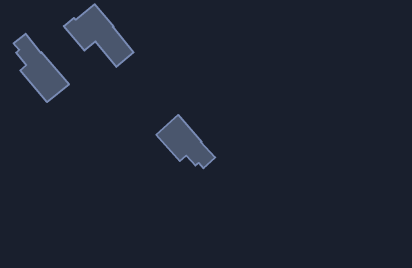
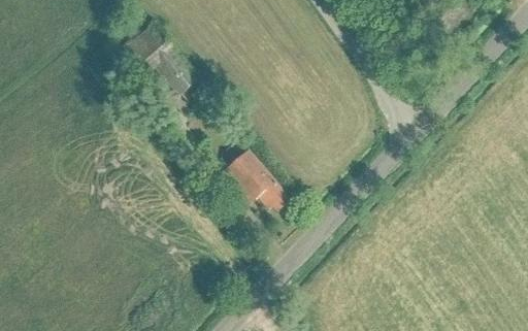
building: [14,34,69,102] -> none

